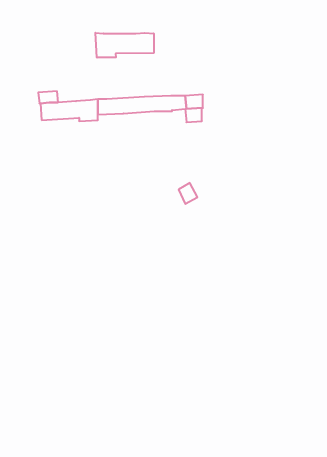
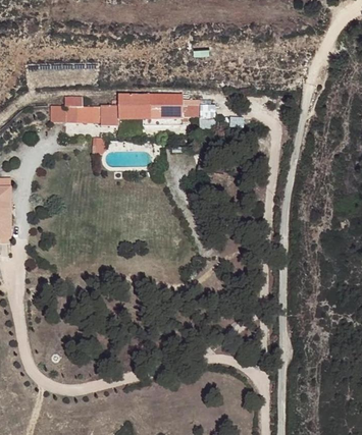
building: [95,33,154,58] -> none

